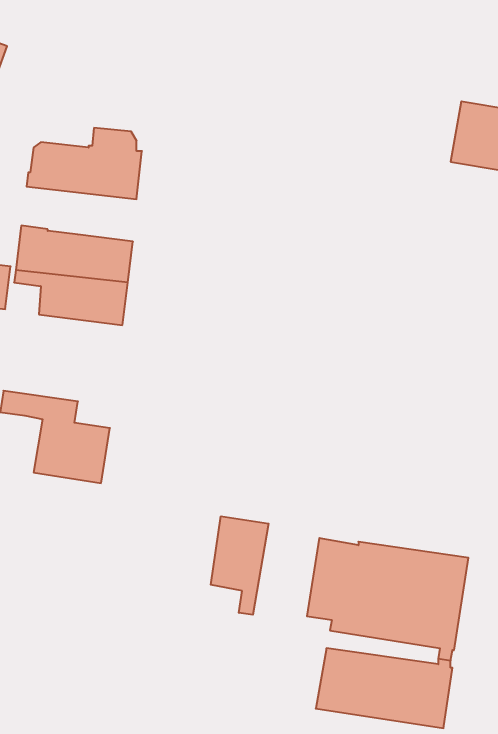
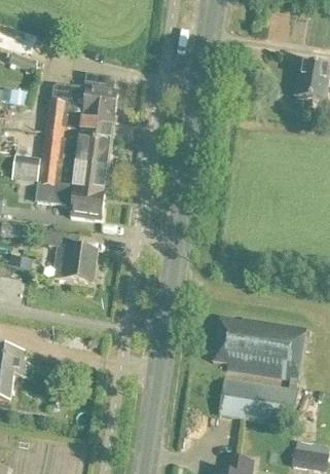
building: none -> [46,110,114,142]
building: none -> [40,166,105,219]
building: [211,516,269,615] -> none

